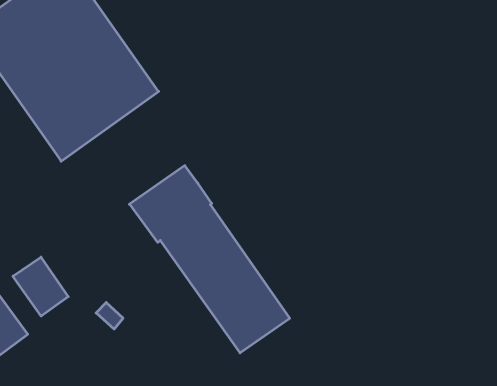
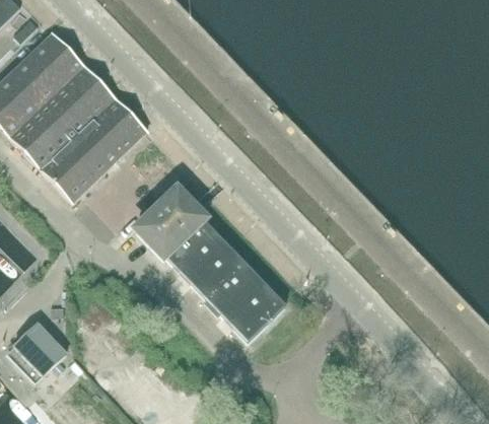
building: [13,257,68,316] -> none

